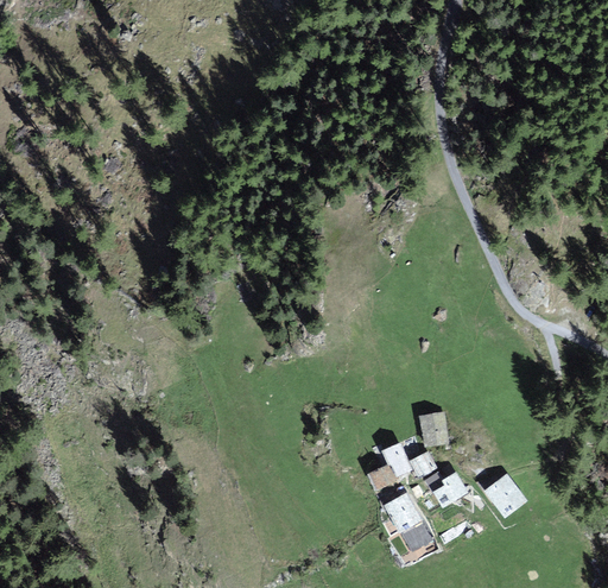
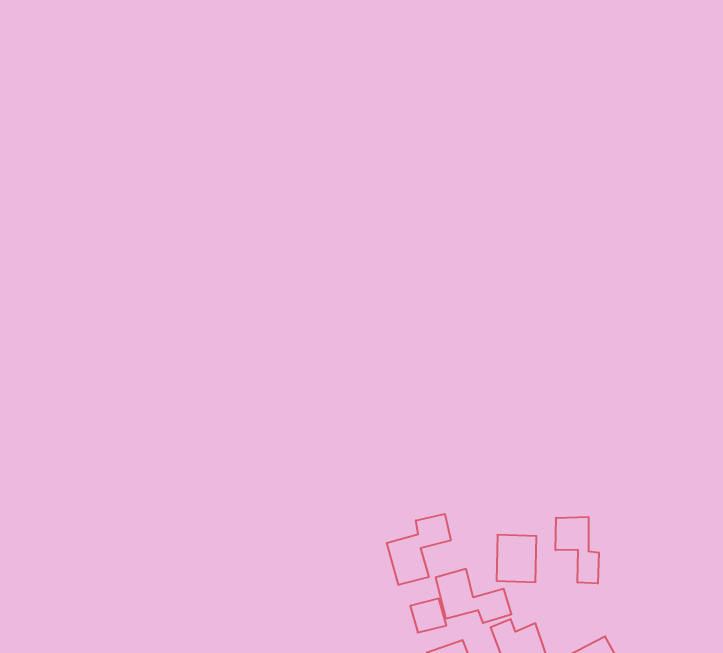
building: none -> [556,517,599,584]
building: none -> [387,514,451,585]

